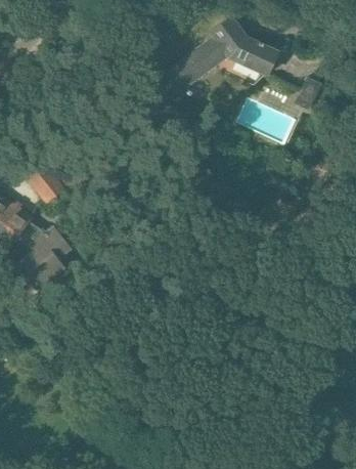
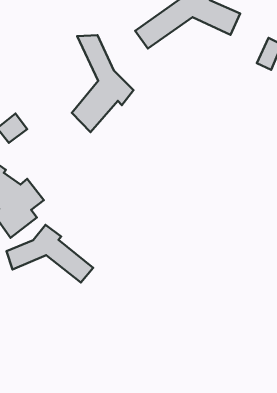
building: none -> [72,35,133,132]
building: none -> [6,225,93,282]

